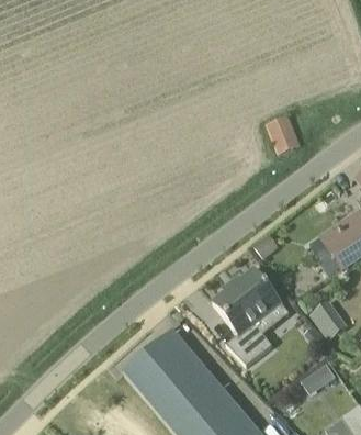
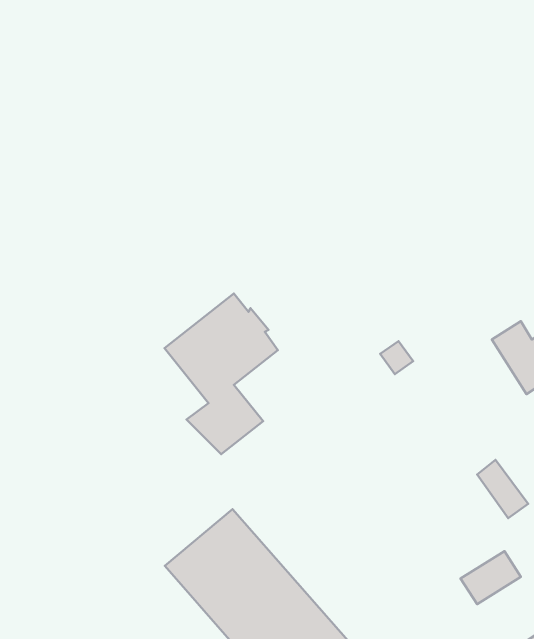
building: [268,113,300,152] -> none
building: [213,267,281,364] -> [165,293,278,454]

